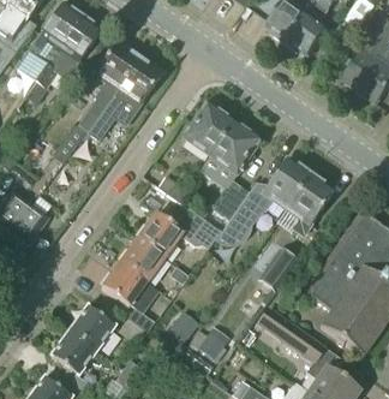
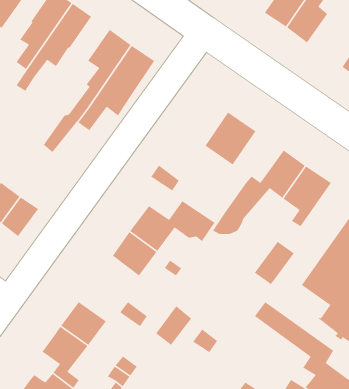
building: [184,103,233,155] -> none
building: [213,180,250,220] -> none
building: [102,262,146,306] -> none

